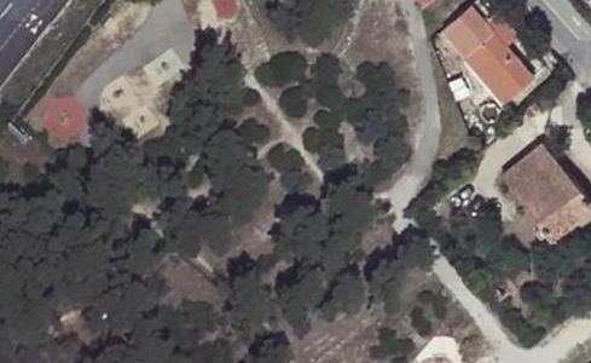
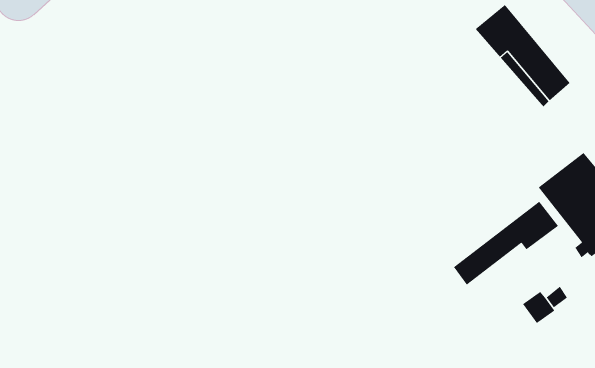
building: none -> [453,201,559,285]

